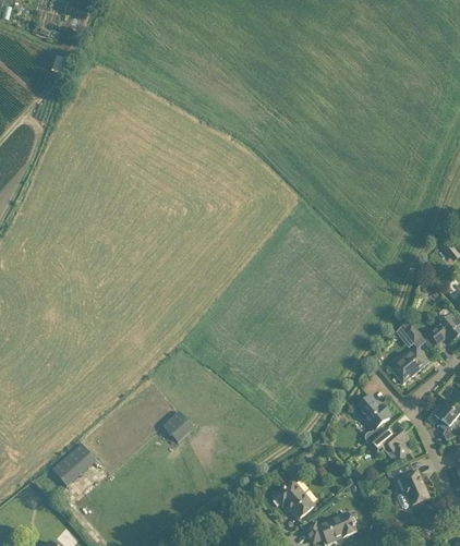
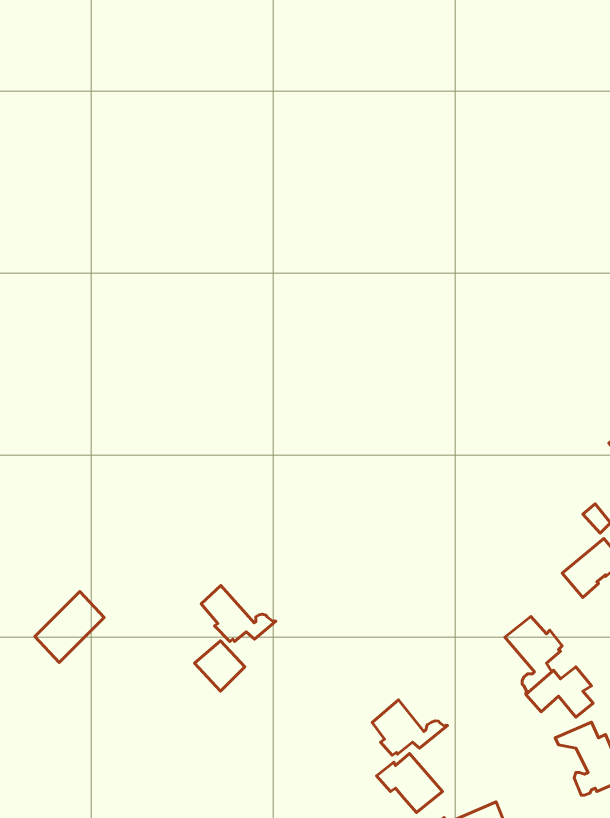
building: none -> [201,586,276,642]
building: [48,441,92,486] -> [35,591,104,662]
building: none -> [372,700,447,755]

